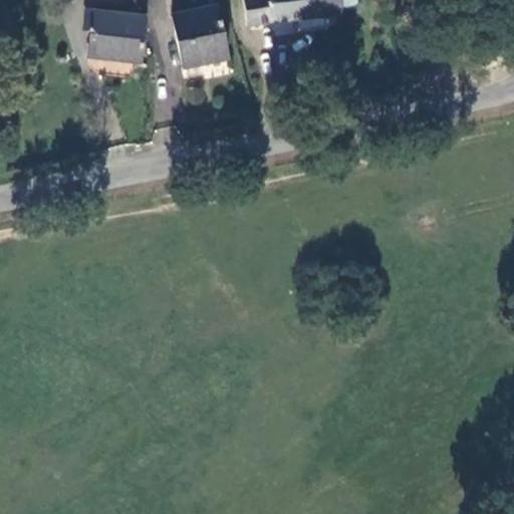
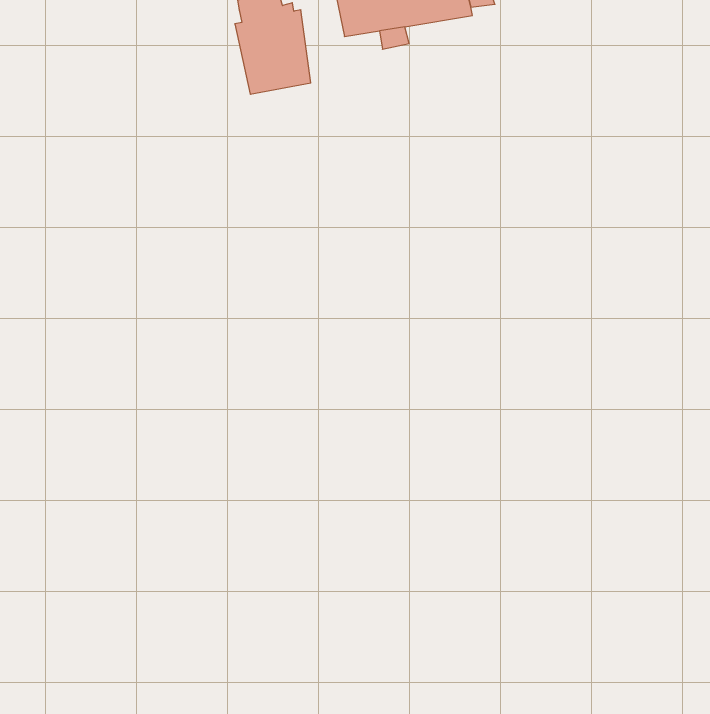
building: [87,10,146,58] -> none

